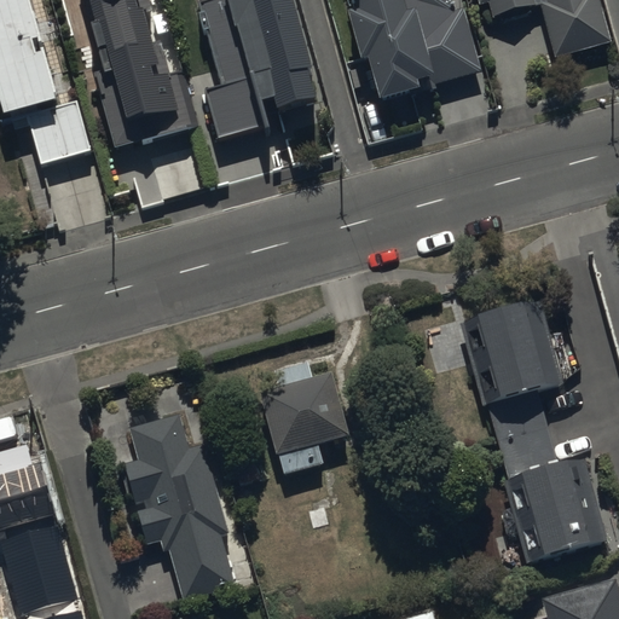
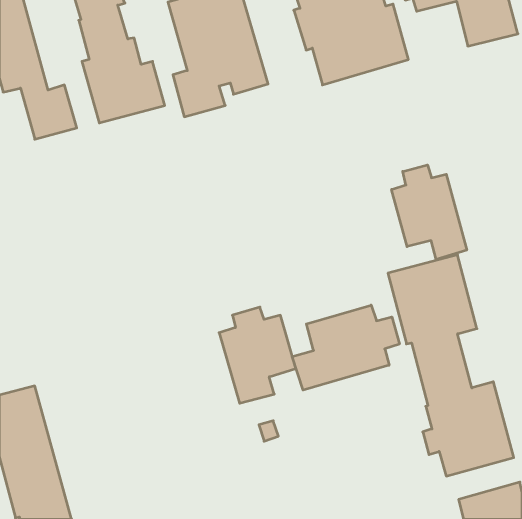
building: none -> [392,165,467,259]
building: none -> [292,305,399,390]
building: [122,412,235,602] -> none

